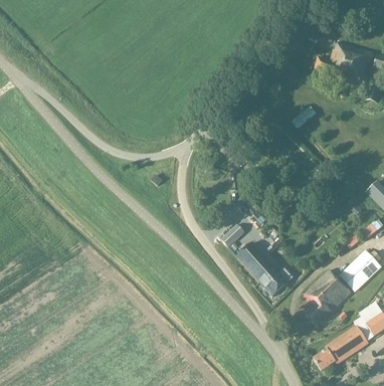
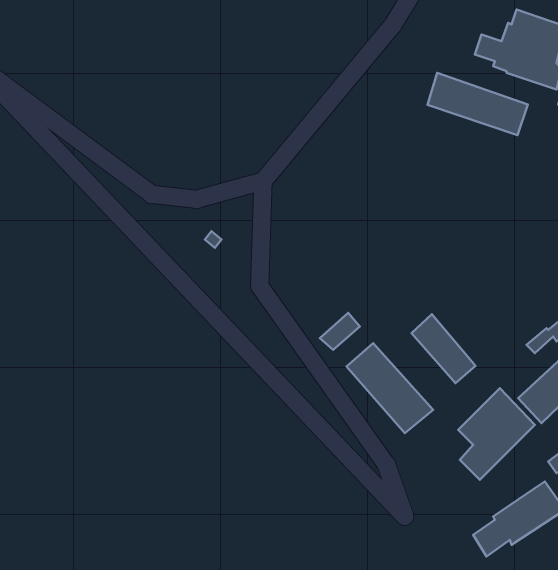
building: none -> [428,73,528,135]
building: none -> [412,314,476,383]

